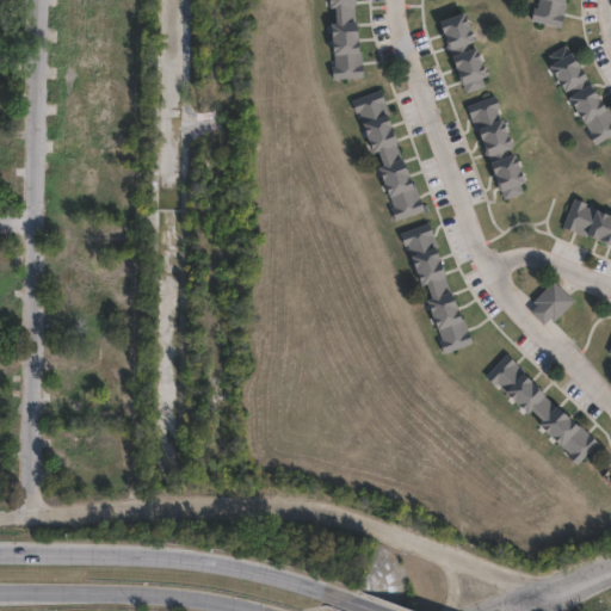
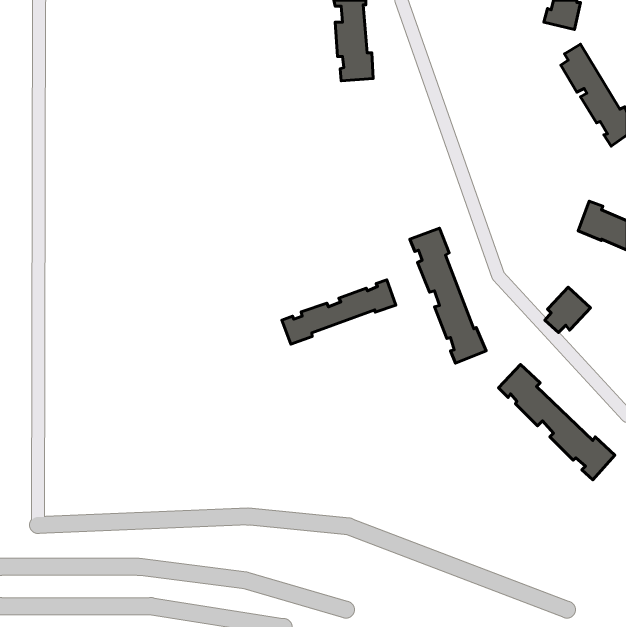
building: [438,10,487,91] -> none
building: [351,87,425,218] -> none
building: [468,94,524,199] -> none
building: none -> [282,280,396,344]

